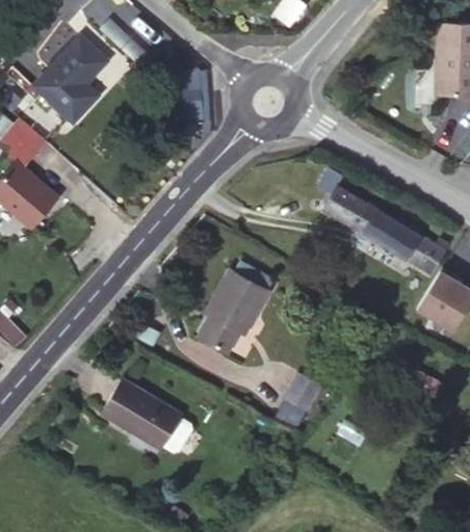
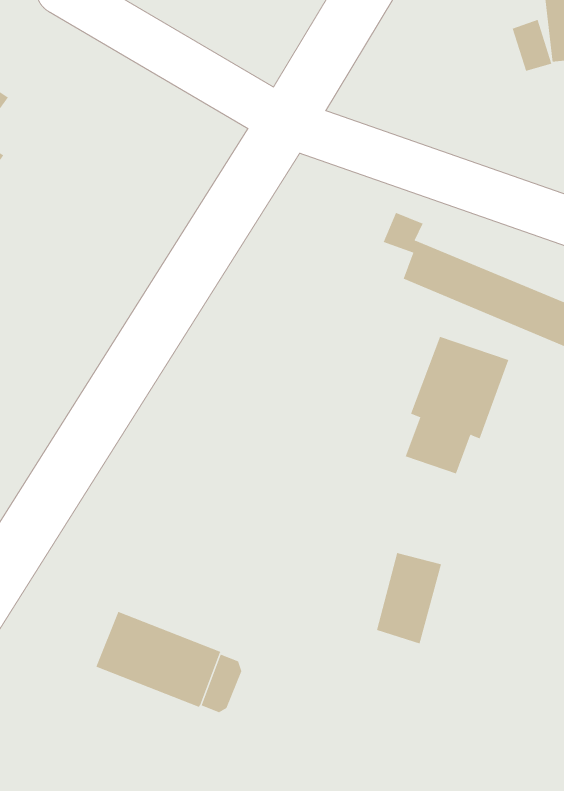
building: [198,270,269,354] -> [405,336,509,474]

